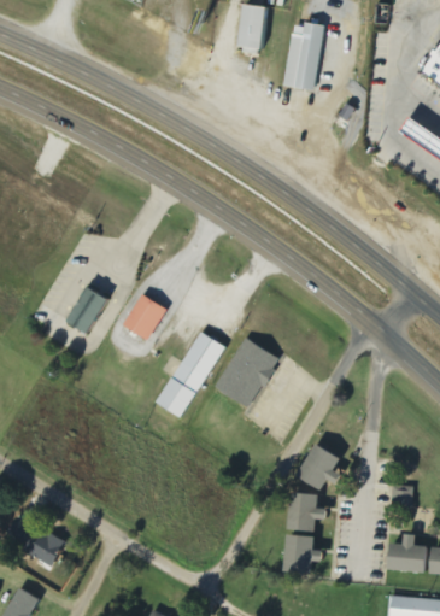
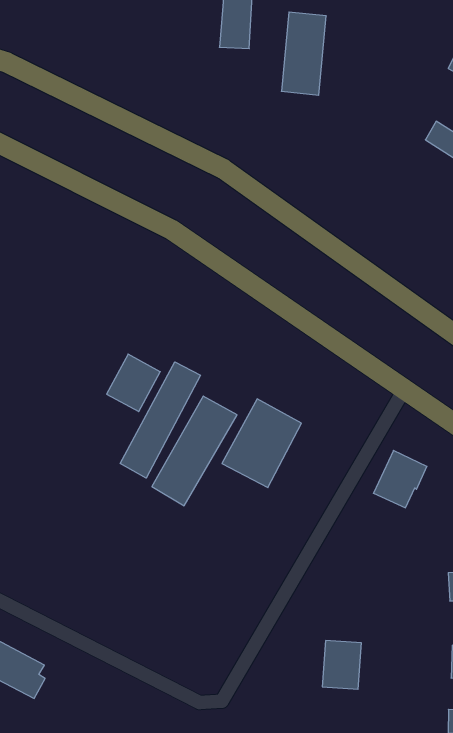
building: [68,286,111,335] -> none
building: none -> [120,362,200,478]
building: [301,442,346,489] -> [373,450,427,508]
building: [291,492,324,532] -> none

